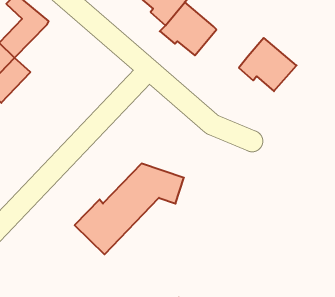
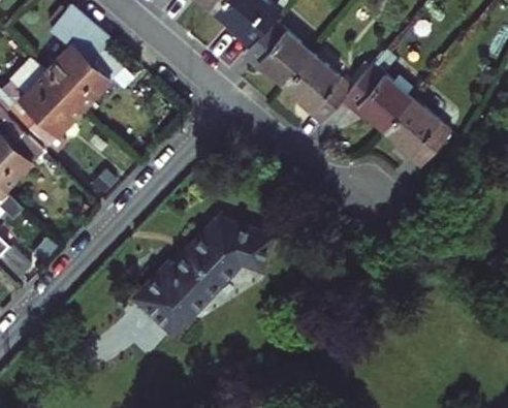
building: none -> [63,49,122,107]
building: none -> [286,55,352,124]
building: none -> [384,99,451,170]

